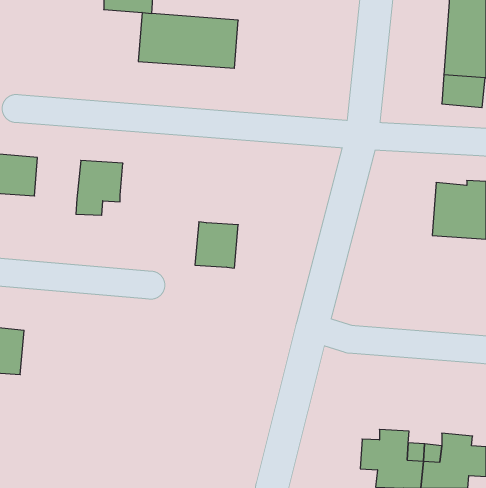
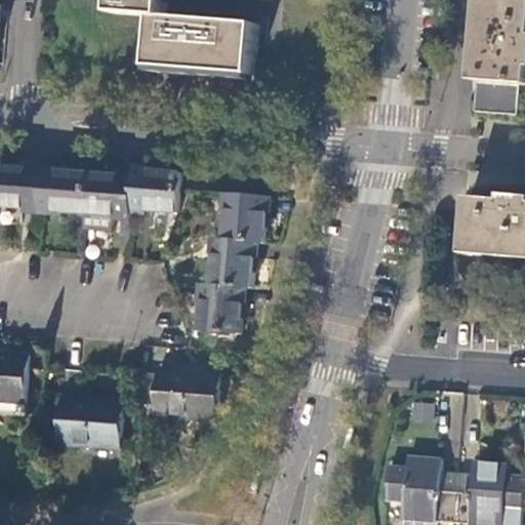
building: none -> [128,166,178,212]
building: none -> [37,168,86,212]
building: none -> [220,192,267,241]
building: none -> [196,282,242,331]
building: none -> [152,366,218,418]
building: none -> [54,395,122,447]

